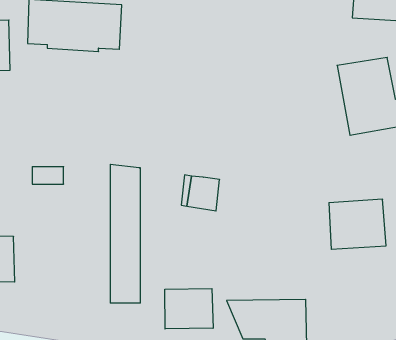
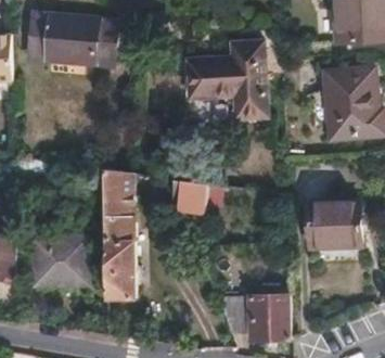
building: none -> [189,43,266,120]
building: none -> [36,236,86,281]
building: [165,289,213,329] -> none

